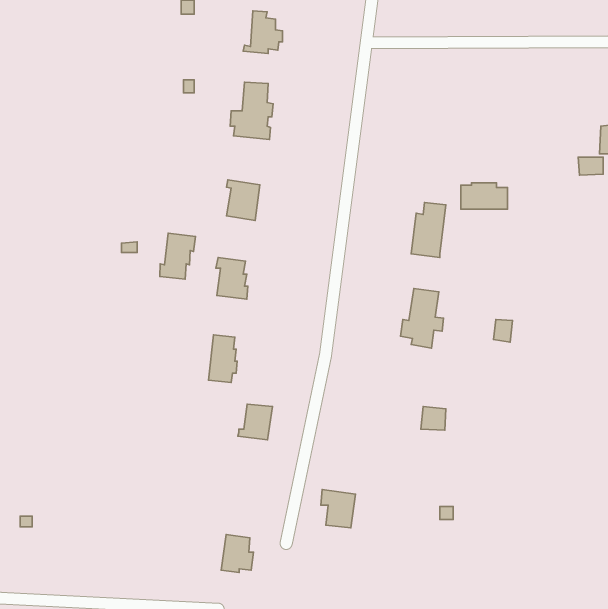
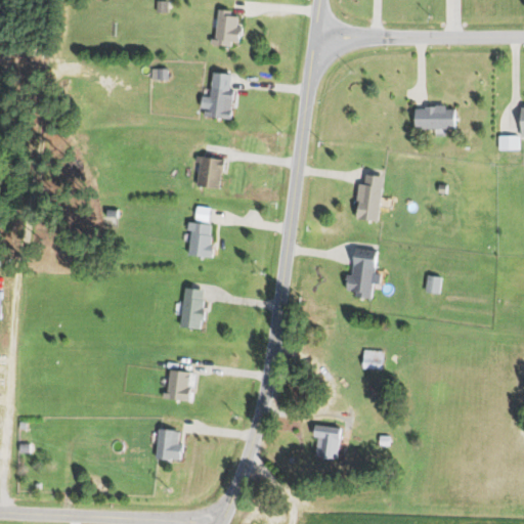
building: [461,183,507,209] -> [416,105,455,128]
building: [160,233,196,279] -> none
building: [238,404,272,440] -> [162,370,191,401]
building: [321,490,355,528] -> [312,424,342,456]
building: [221,534,253,573] -> [155,428,182,461]

